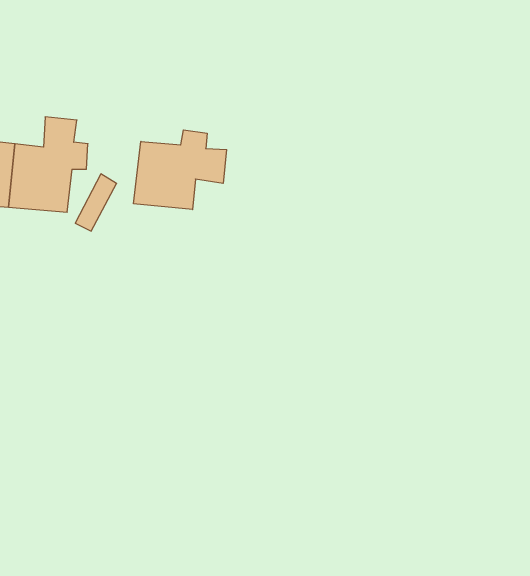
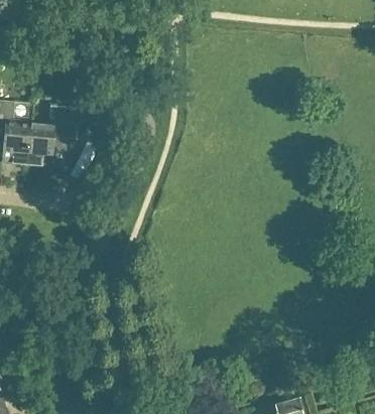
building: [134,130,227,210] -> none

